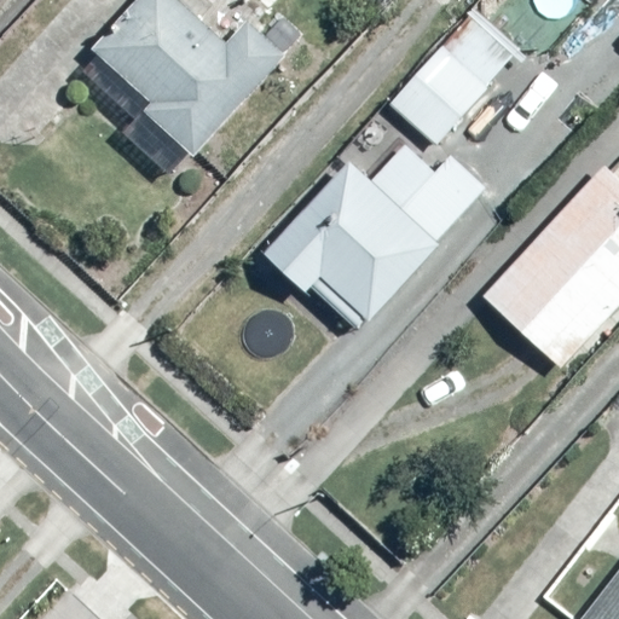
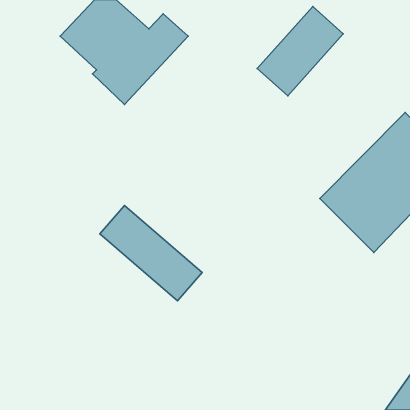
building: [260,143,484,324] -> none
building: none -> [100,205,202,301]

